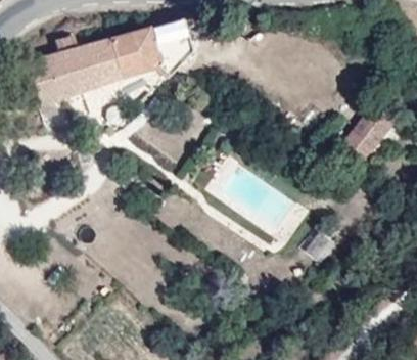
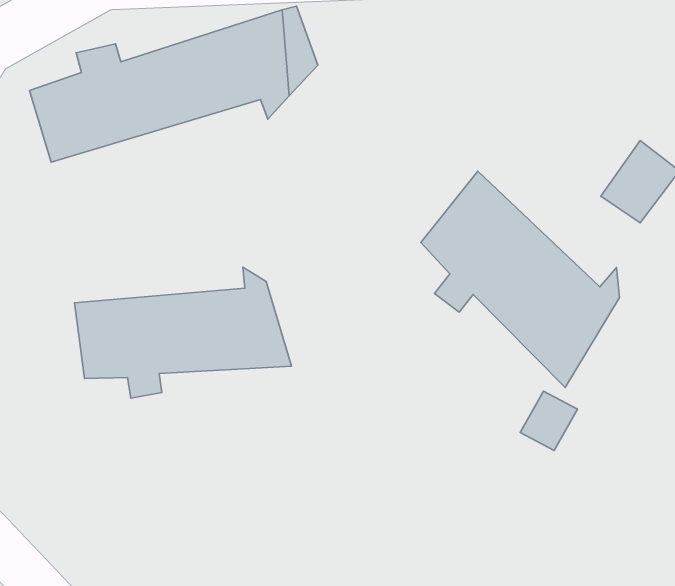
building: none -> [421,171,619,388]
building: none -> [74,267,292,398]

